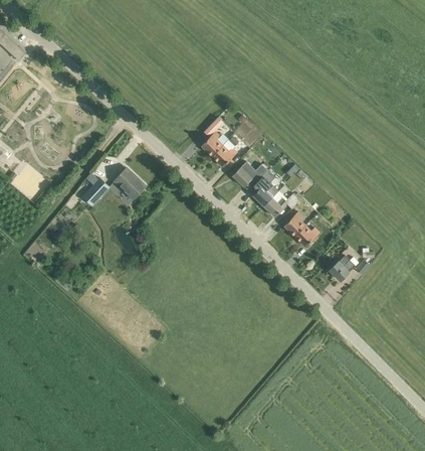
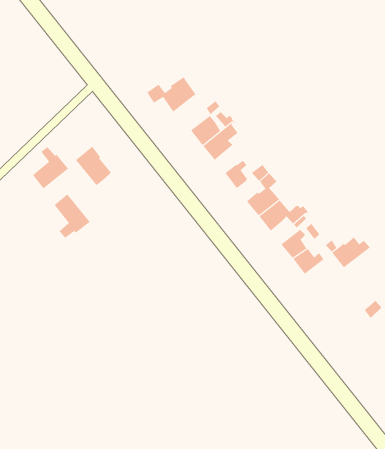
building: none -> [146,77,196,113]
building: none -> [54,193,91,239]
building: [328,255,358,281] -> [331,236,370,268]

